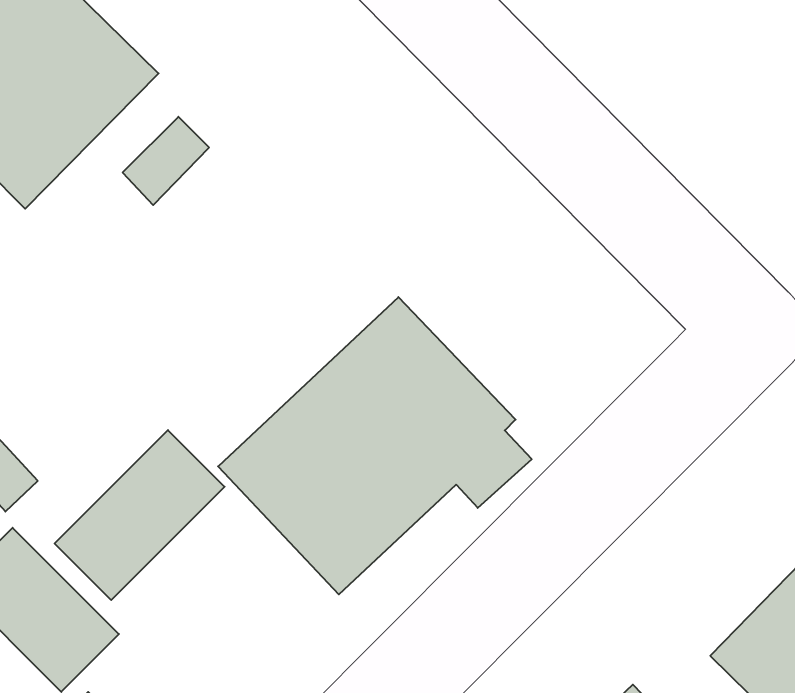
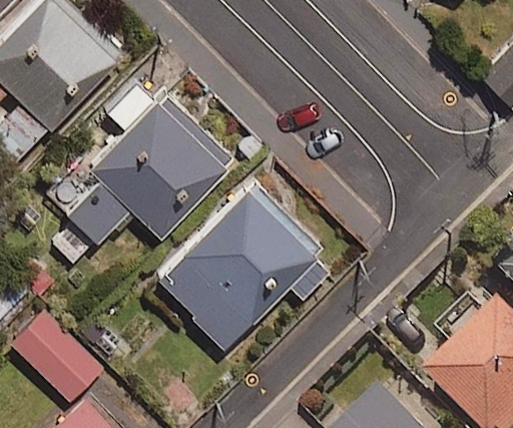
building: none -> [52,99,230,245]
building: [55,430,225,600] -> none

